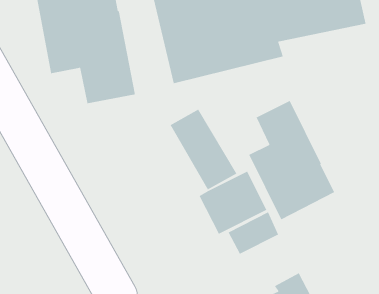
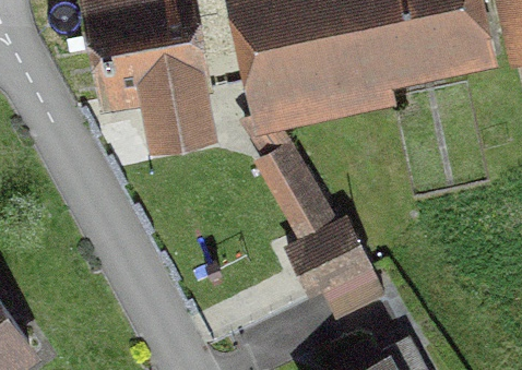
building: [248,100,335,220] -> none

